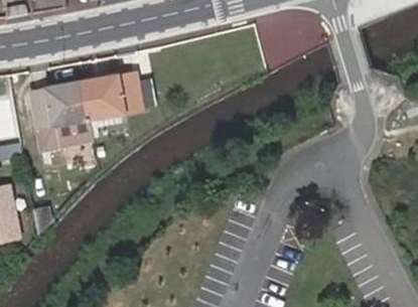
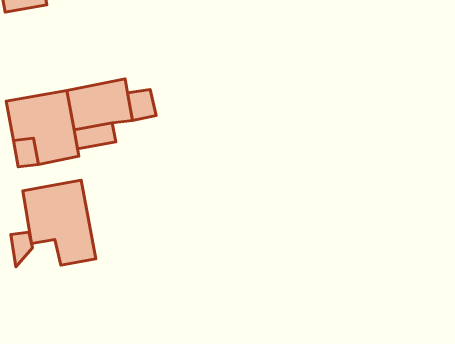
building: none -> [23,180,96,265]

